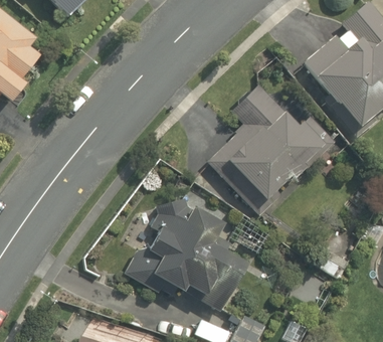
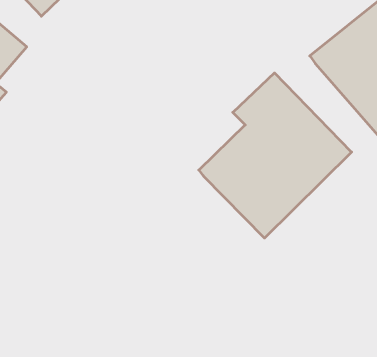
building: [122,205,252,314] -> none

